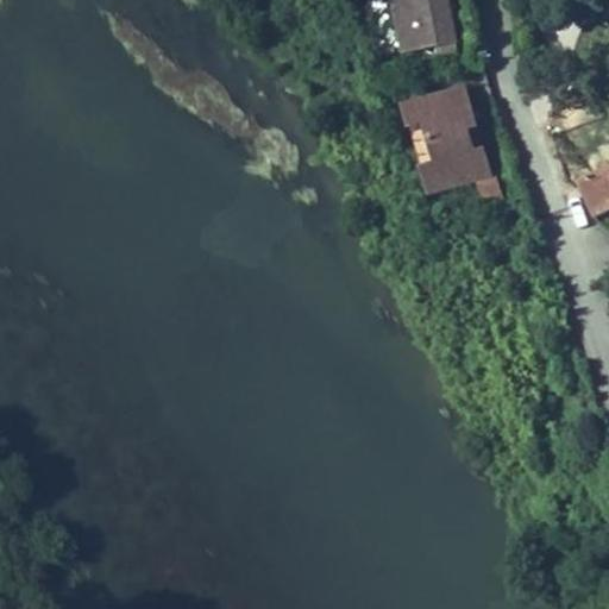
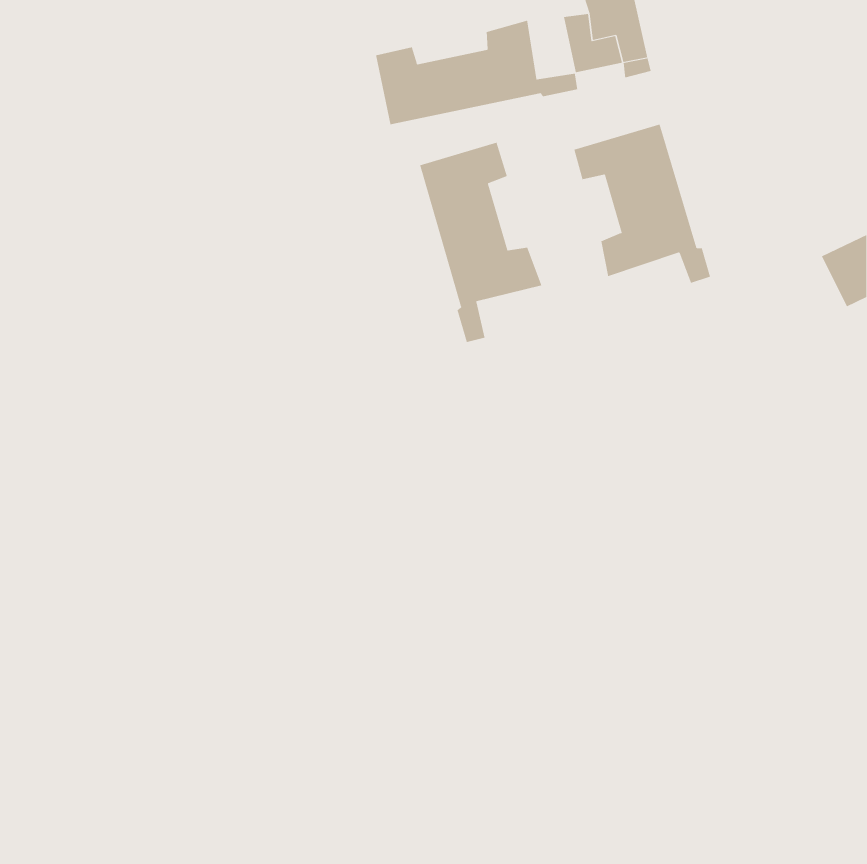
building: none -> [375,20,578,125]
building: none -> [420,142,542,343]

